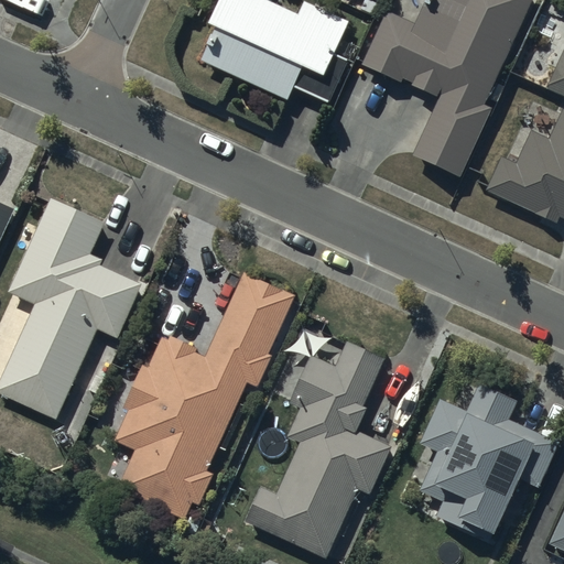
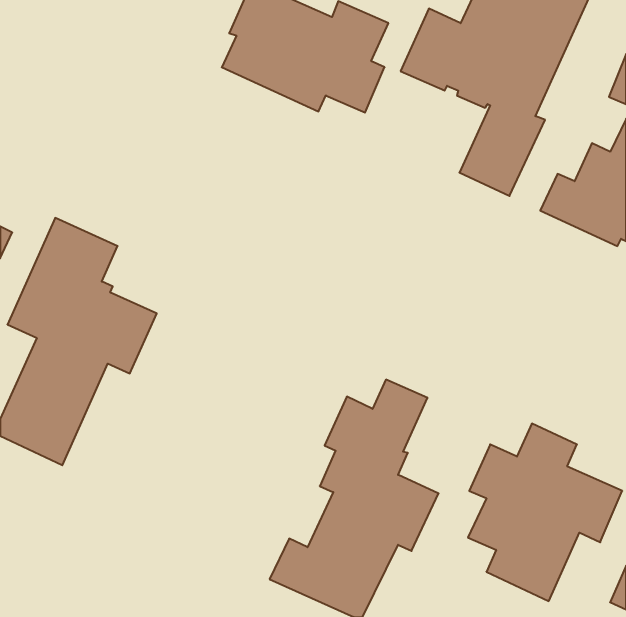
building: [115,272,295,518] -> none

